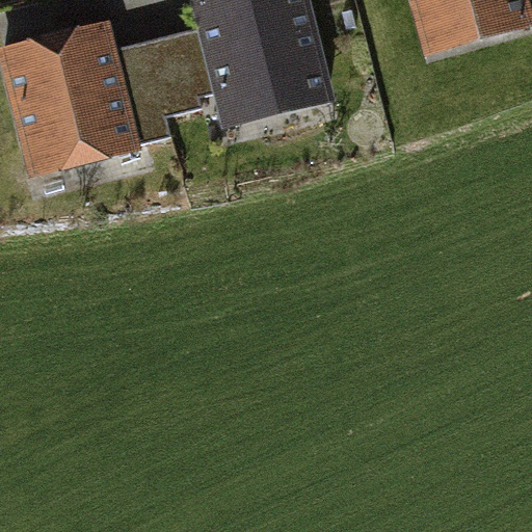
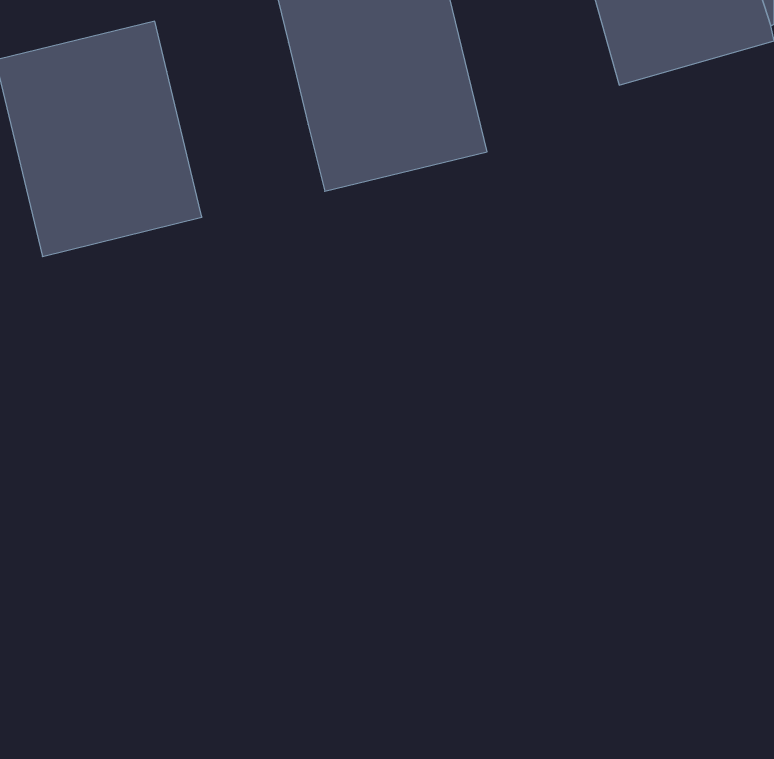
building: [114,29,211,140] -> none

